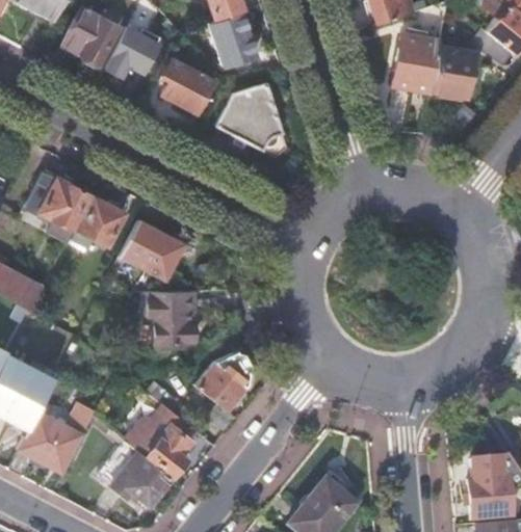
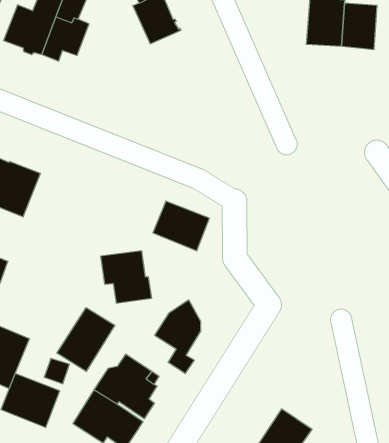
building: [161,61,213,113] -> none
building: [216,83,288,158] -> none
building: [72,197,123,247] -> none
building: [121,221,184,280] -> [153,201,209,251]
building: none -> [57,308,115,372]

